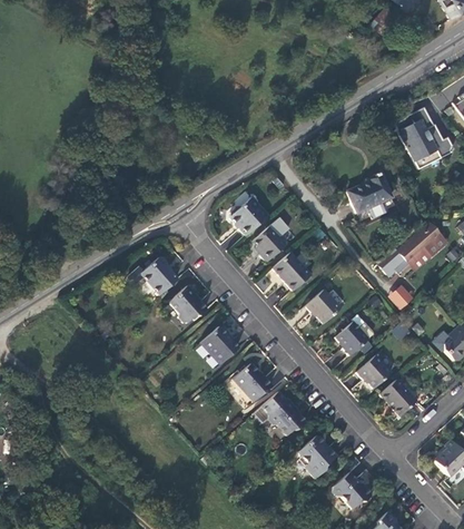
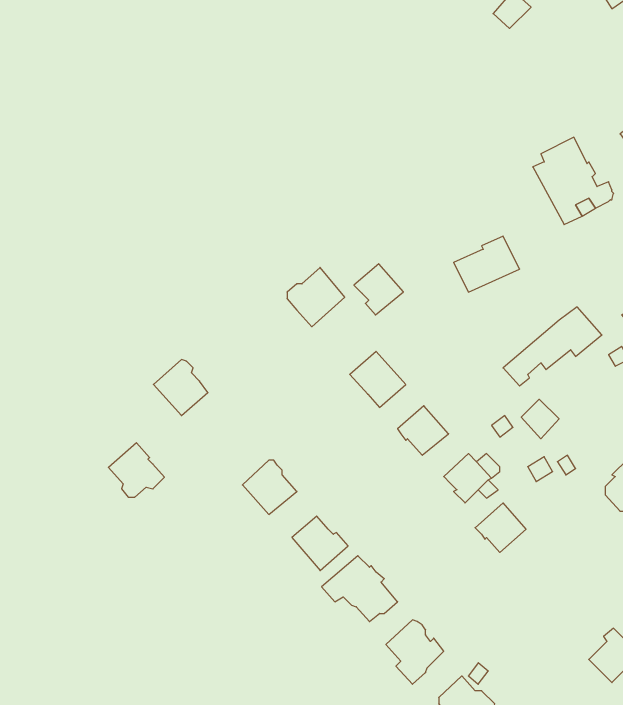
building: [254,226,287,261] -> [354,264,403,315]
building: [169,285,207,322] -> [108,443,164,497]
building: [381,379,416,414] -> none

